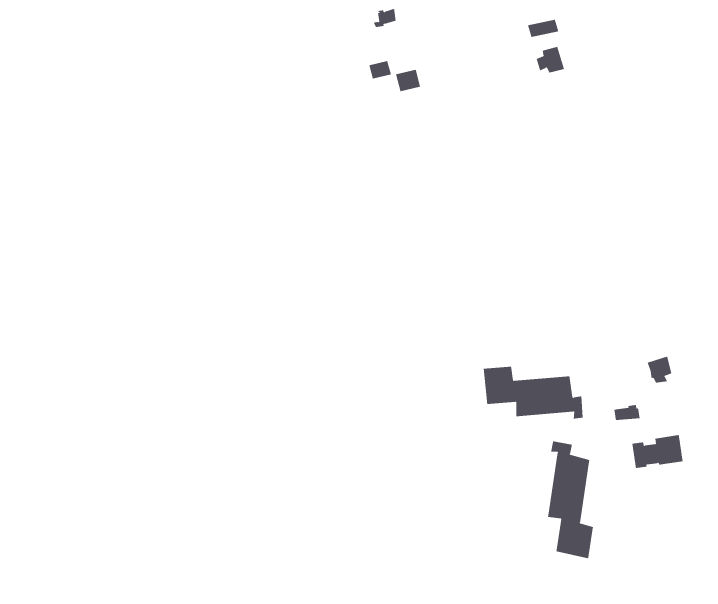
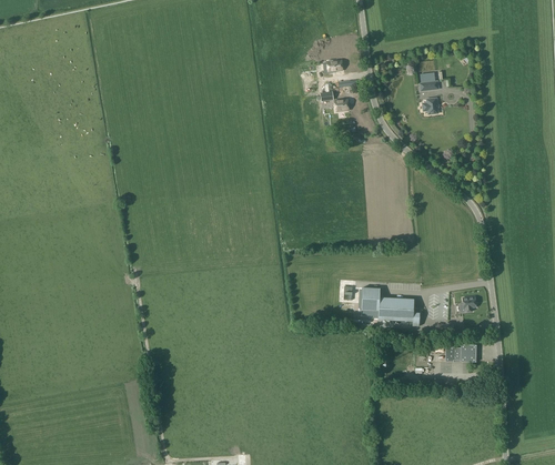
building: [547,440,593,559] -> none

